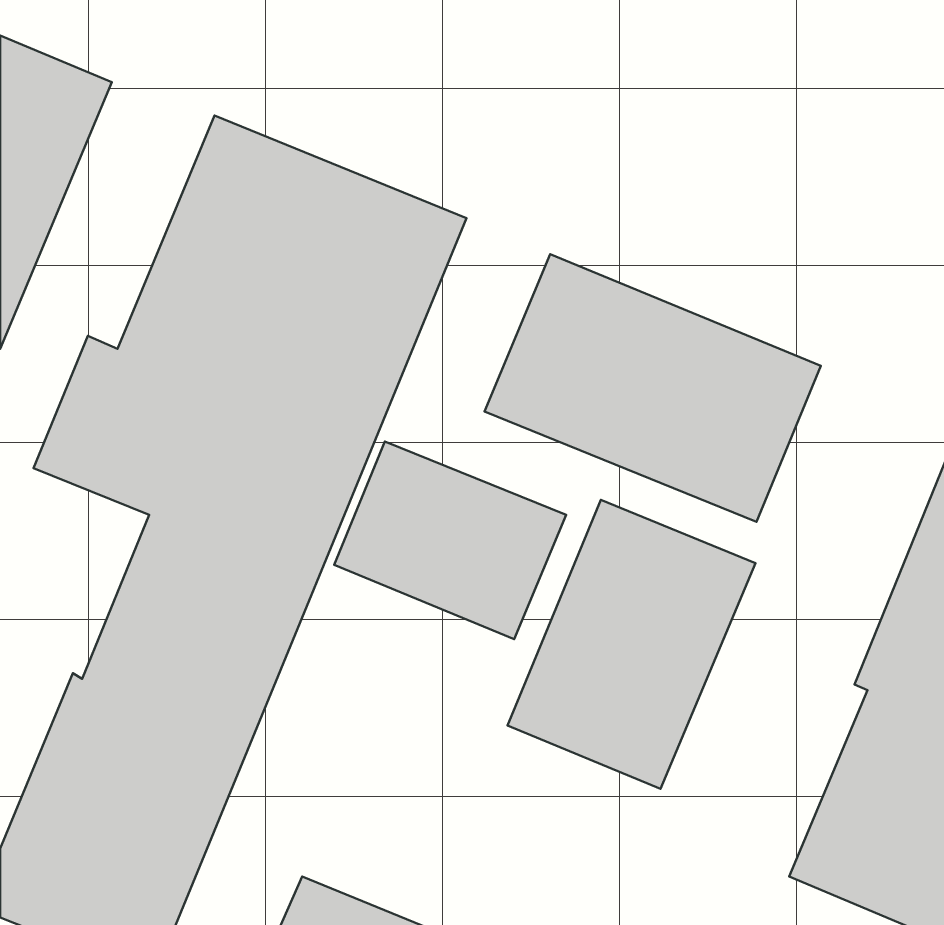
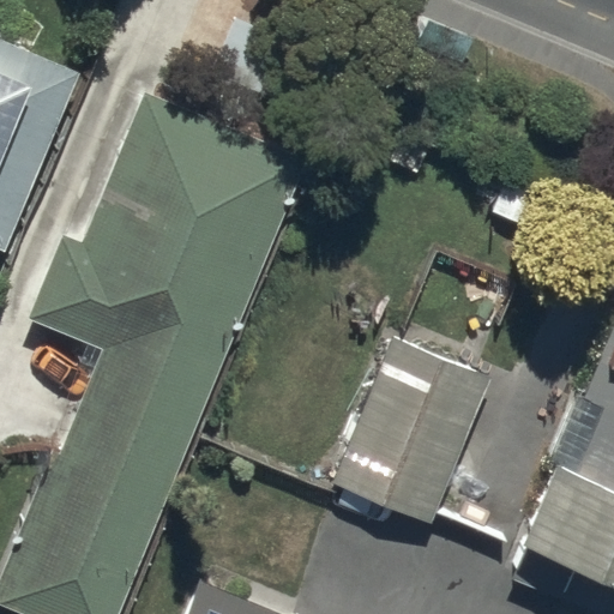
building: [485,254,821,522] -> none
building: [334,442,566,639] -> none

